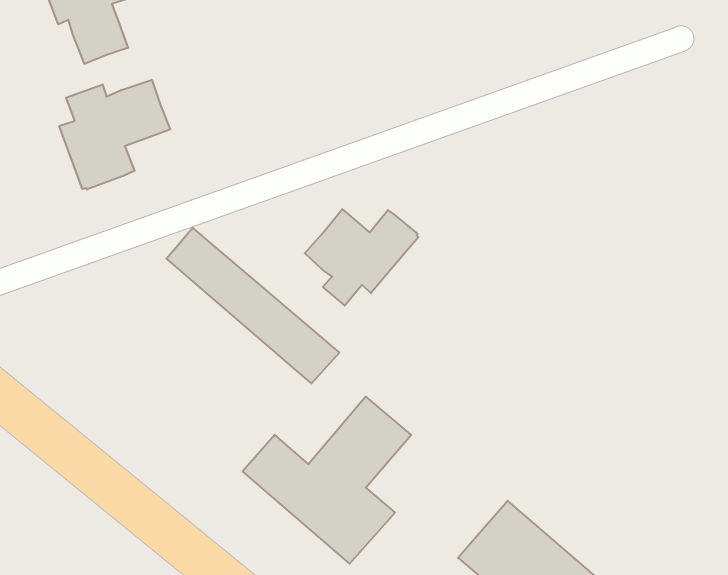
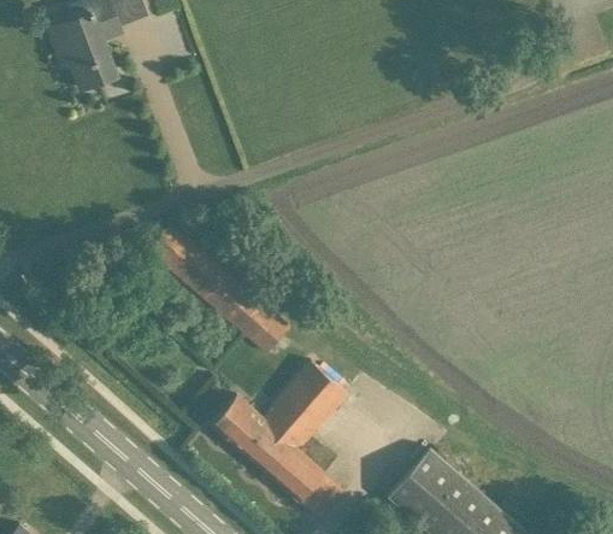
building: [59,80,170,190] -> none
building: [305,209,418,306] -> none

